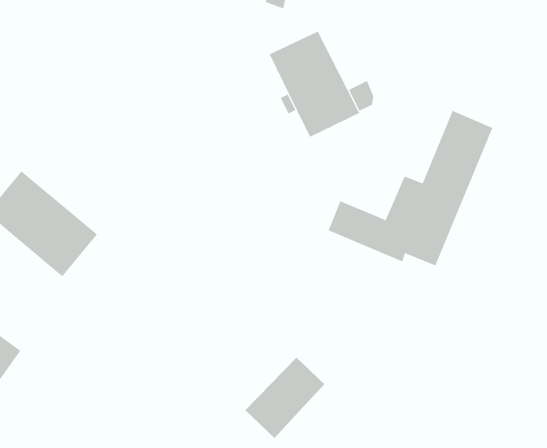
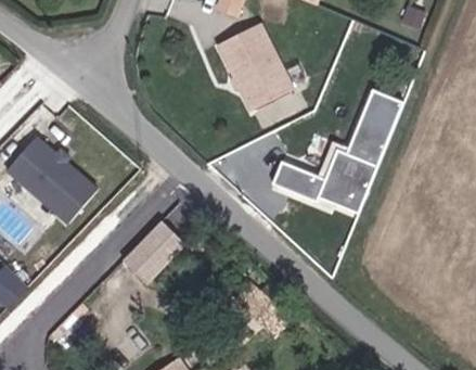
building: [245,357,325,439] -> [124,219,188,284]

